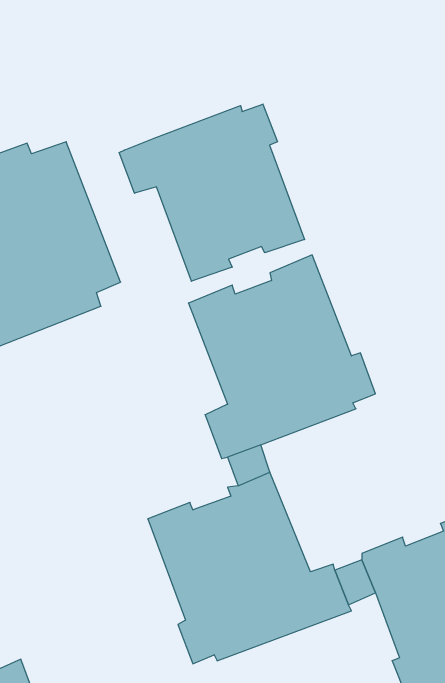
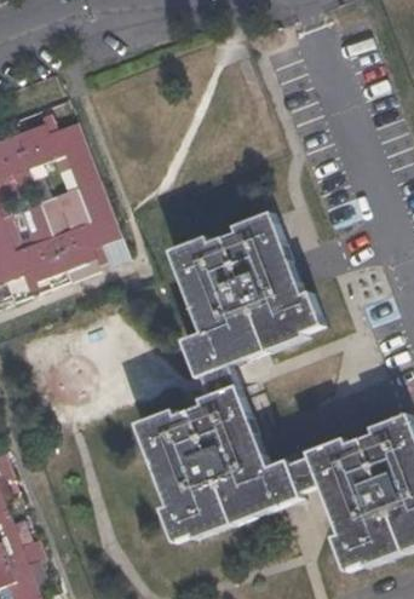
building: [119,104,305,281] -> none

